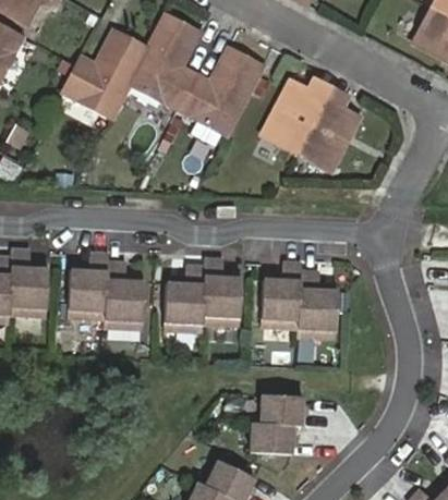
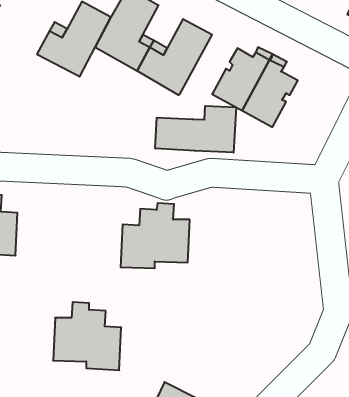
building: none -> [155,106,236,153]
building: [68,252,144,328] -> [53,302,121,370]
building: [261,260,338,337] -> none
building: [244,392,298,451] -> none

